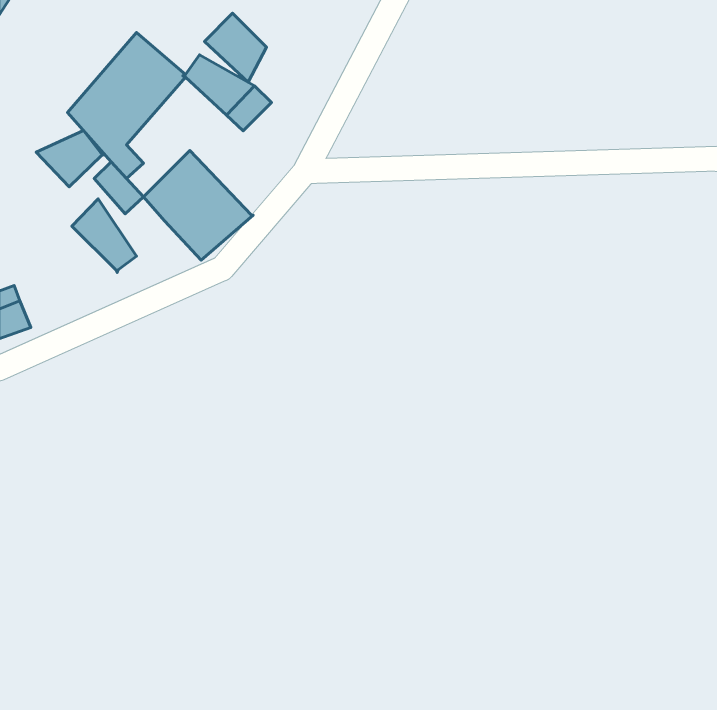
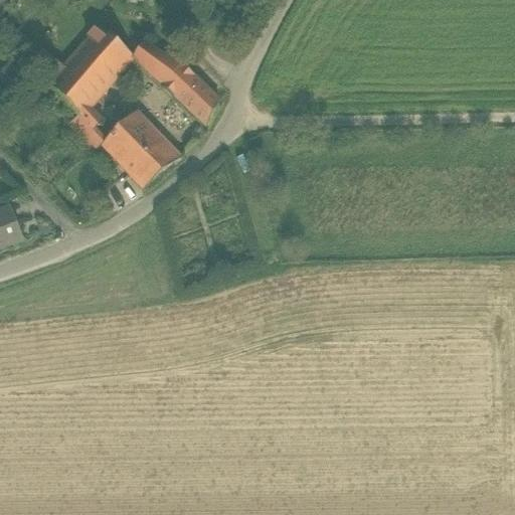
building: [204,13,266,82] -> [174,73,218,123]
building: [36,130,104,187] -> none
building: [72,199,136,273] -> none

